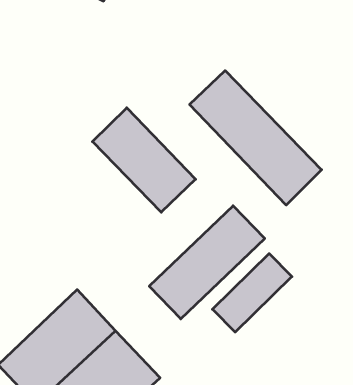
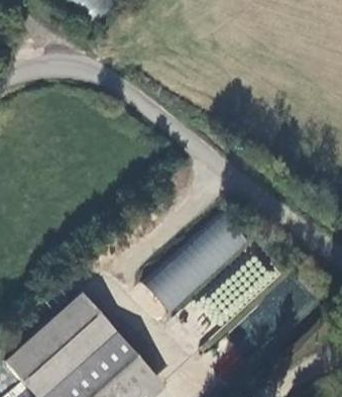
building: [190,71,322,205] -> none
building: [92,108,196,212] -> none

